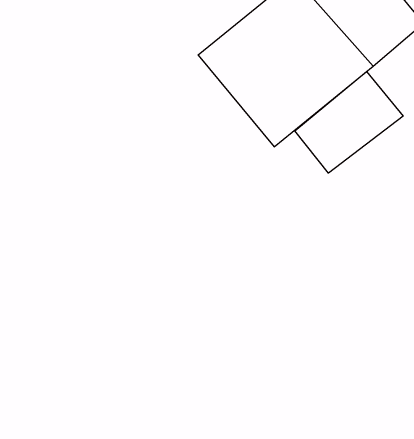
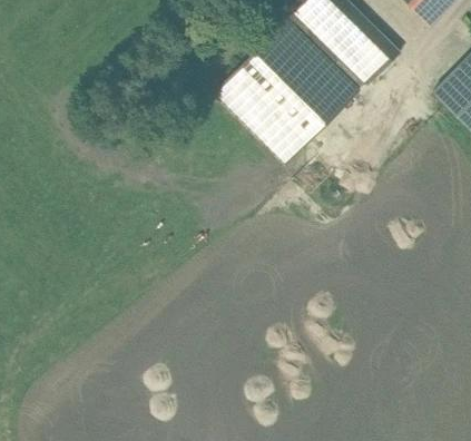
building: [295,71,403,173] -> none

